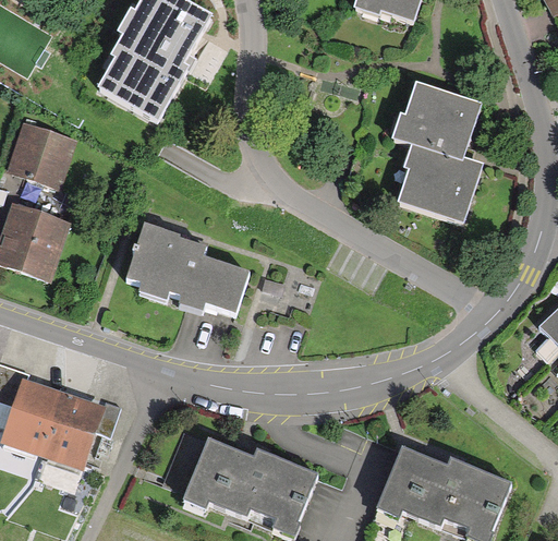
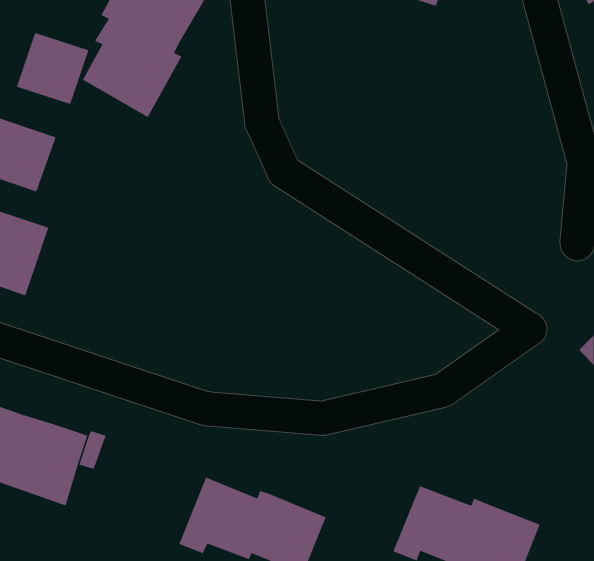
building: none -> [16,32,89,105]
building: [393,87,484,223] -> none
building: [125,223,244,312] -> none

